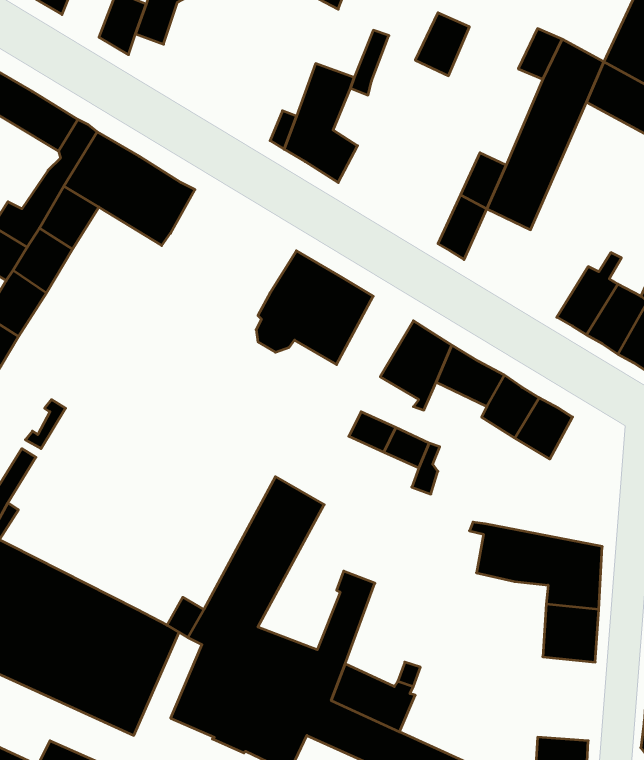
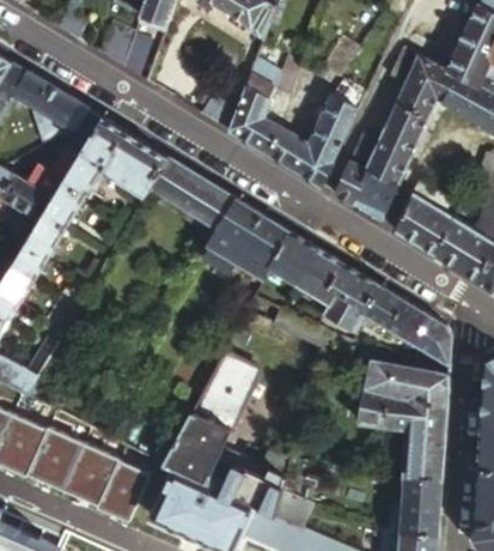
building: none -> [266,81,366,188]
building: none -> [151,158,237,229]
building: none -> [352,171,397,224]
building: none -> [395,180,437,246]
building: none -> [262,231,317,289]
building: none -> [321,290,367,332]
building: none -> [410,314,451,365]
building: none -> [358,345,449,402]
building: none -> [390,477,441,535]

